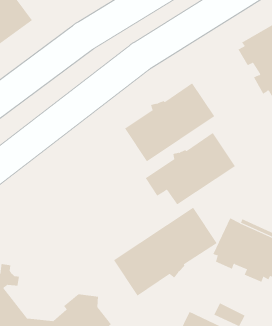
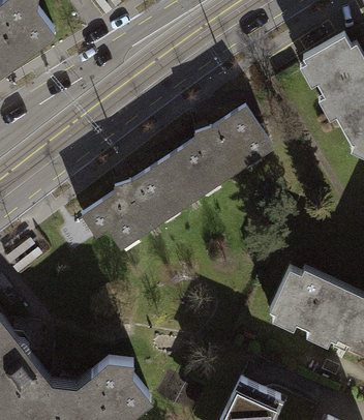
building: [145,132,236,205] -> [82,161,190,248]
building: [113,207,218,296] -> none

